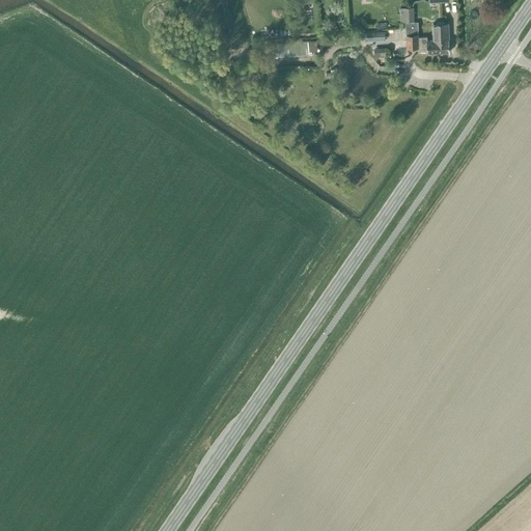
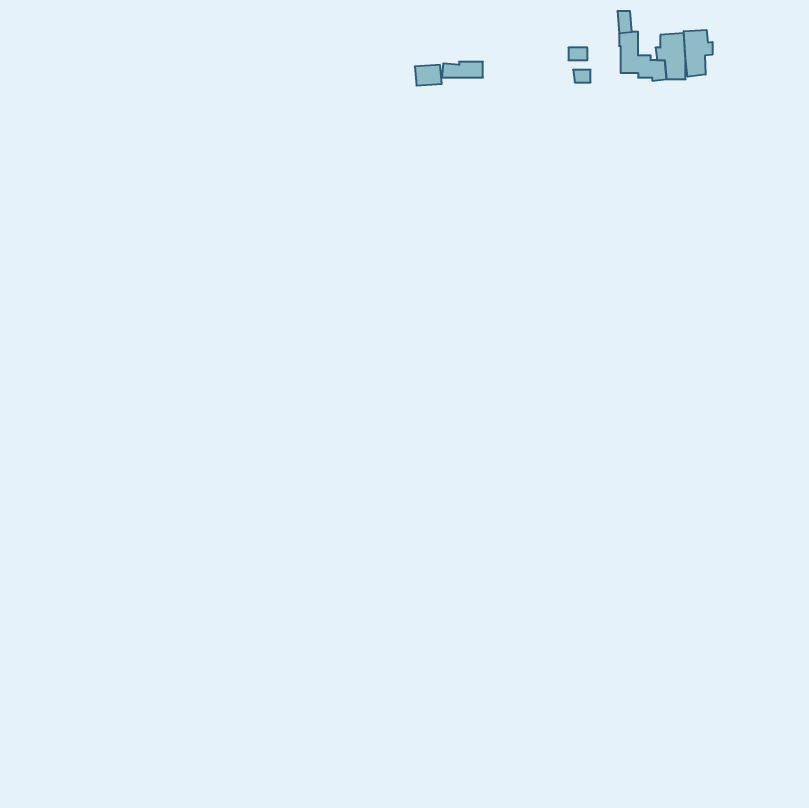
building: none -> [684,30,713,77]

